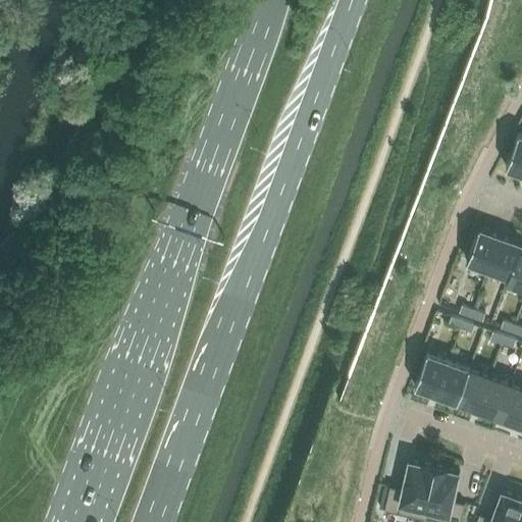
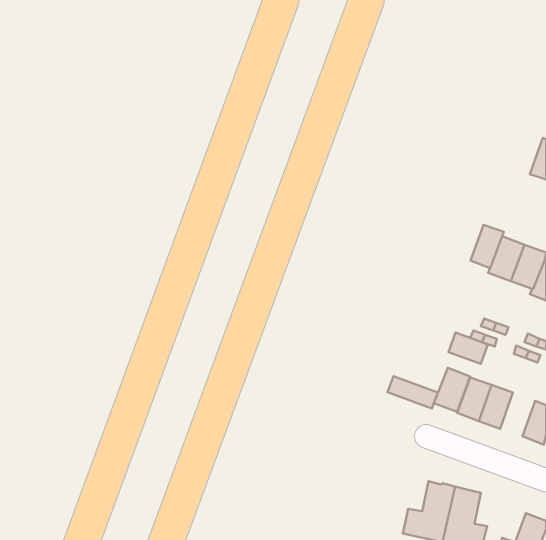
building: none -> [470,225,504,268]
building: none -> [448,333,488,364]
building: none -> [387,376,438,408]
building: [477,380,511,422] -> none

